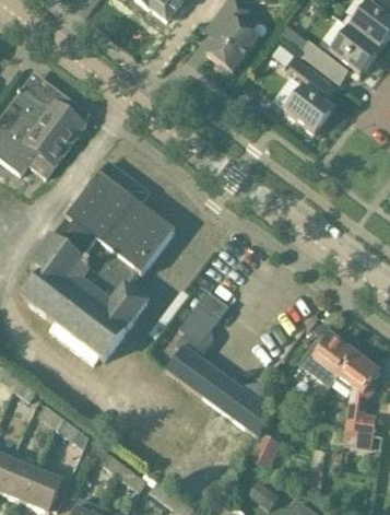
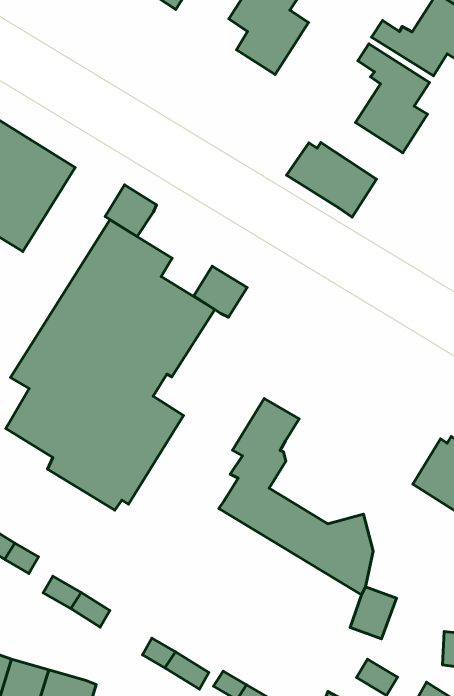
building: none -> [287,142,377,217]
building: none -> [105,185,157,237]
building: none -> [194,266,247,317]

